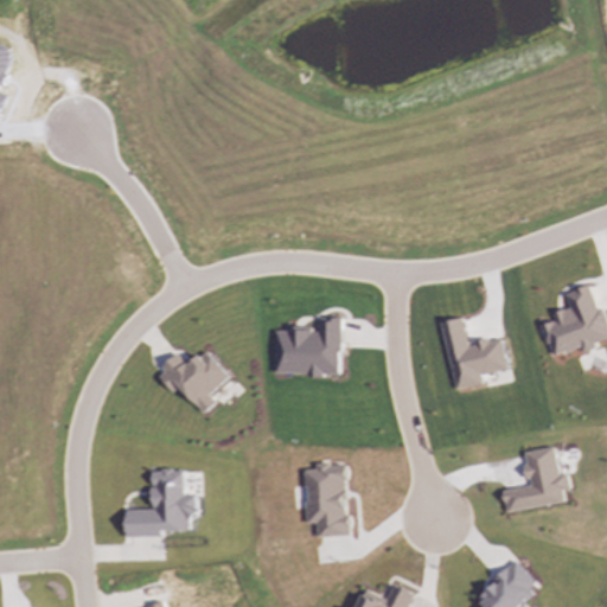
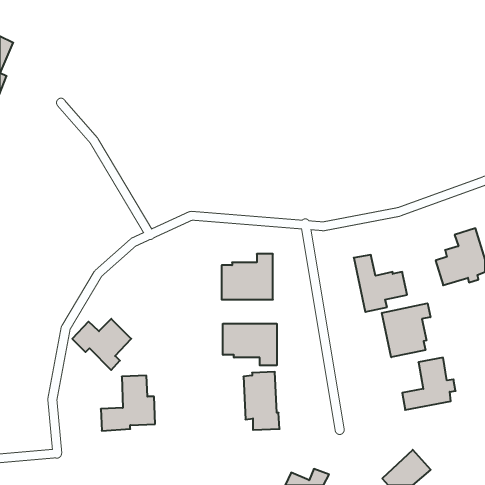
building: [158,350,231,414] -> [72,319,131,370]
building: none -> [382,303,430,357]
building: none -> [223,324,277,365]

